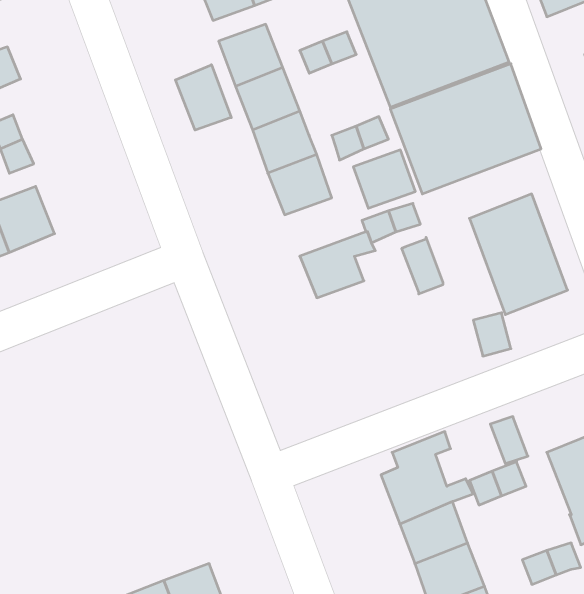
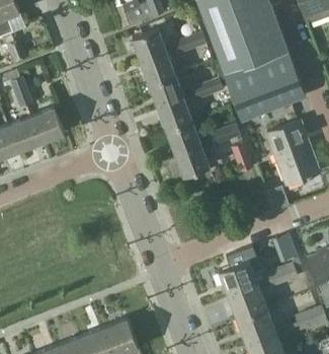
building: [175,65,231,130] -> none
building: [353,150,415,208] -> [167,122,200,153]
building: none -> [33,108,64,141]

